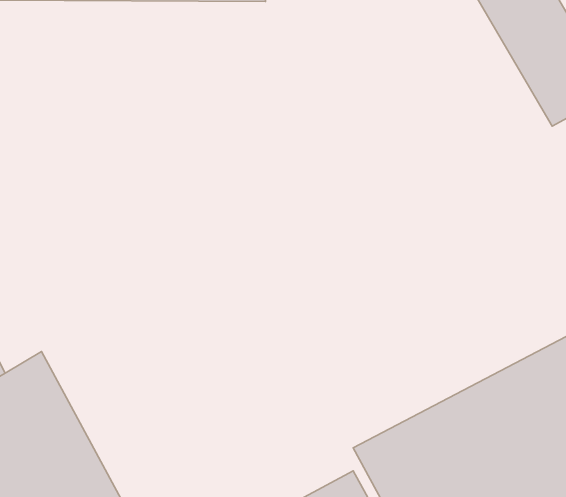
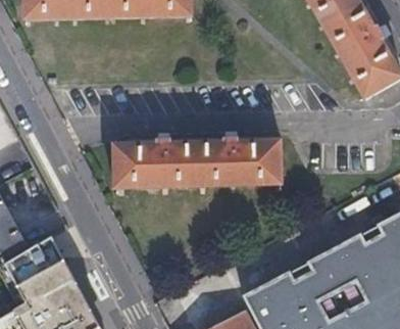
building: none -> [115,141,280,185]

